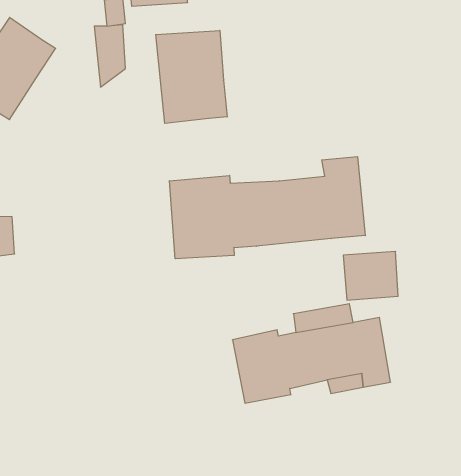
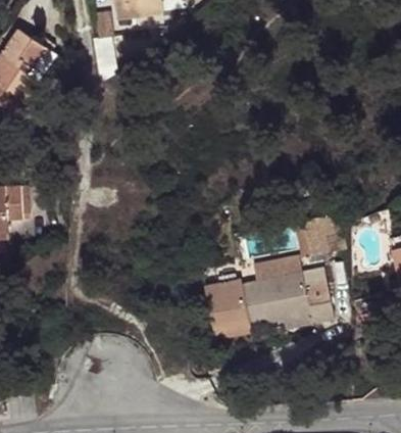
building: [156,30,227,123] -> none
building: [169,157,365,259] -> none

